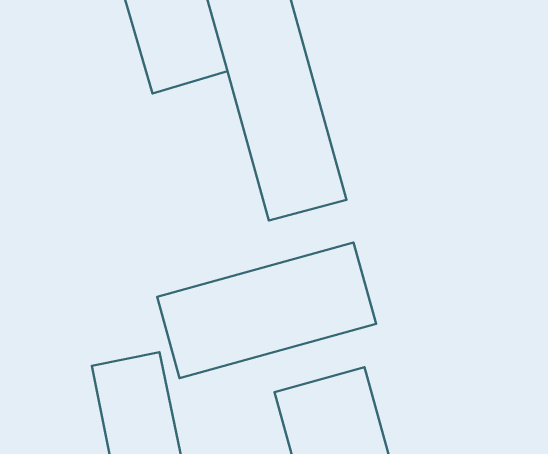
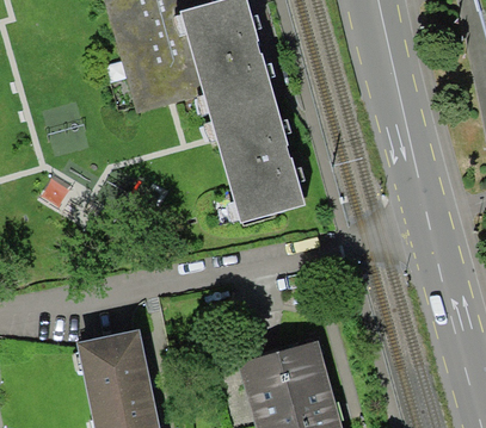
building: [157,242,376,378] -> none

